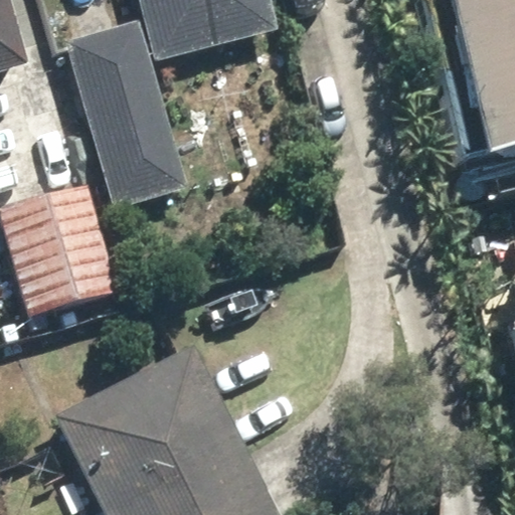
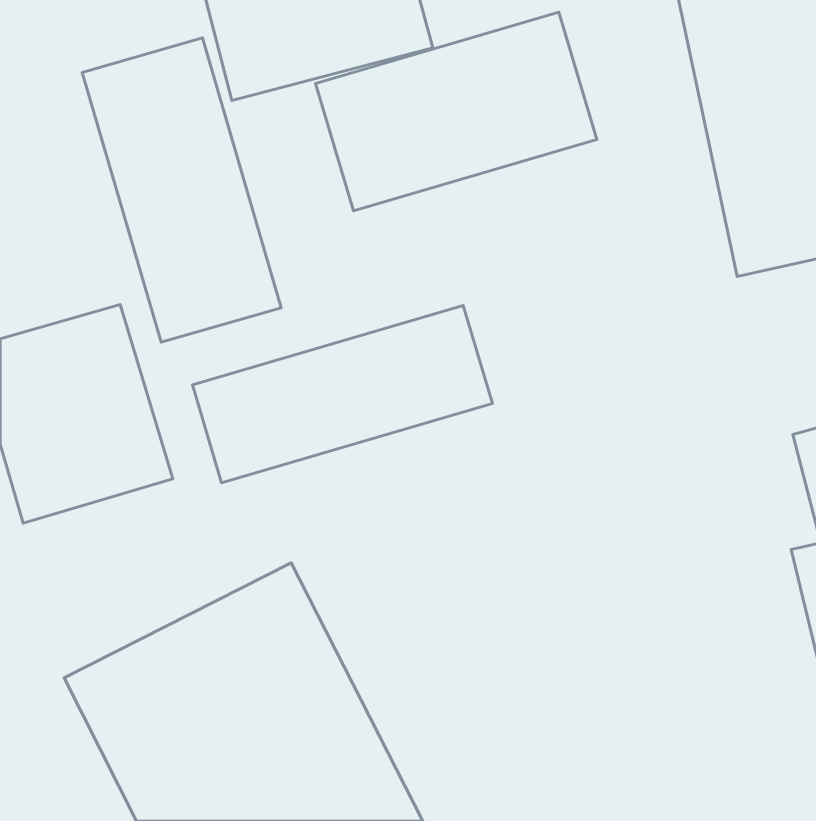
building: none -> [316,12,597,211]
building: none -> [192,306,492,483]

